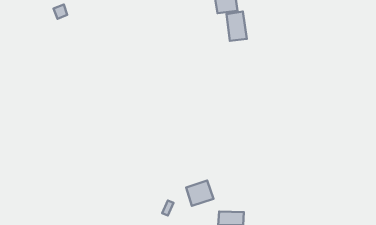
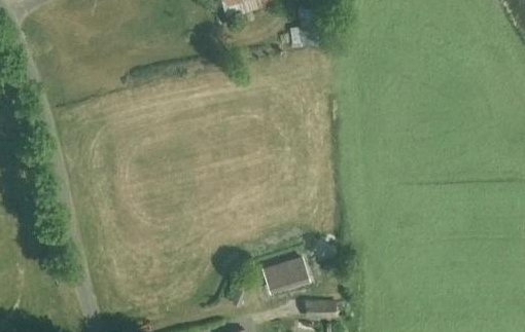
building: [226,11,247,41] -> none

